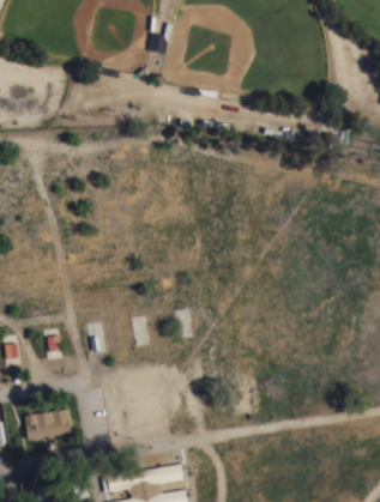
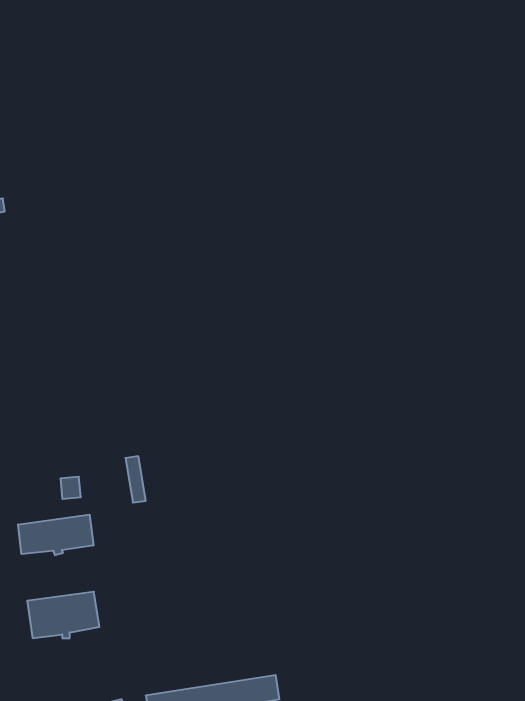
building: none -> [18,515,93,555]

